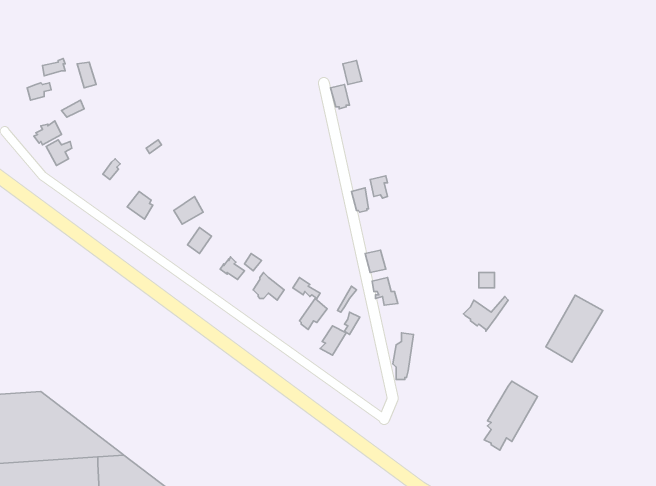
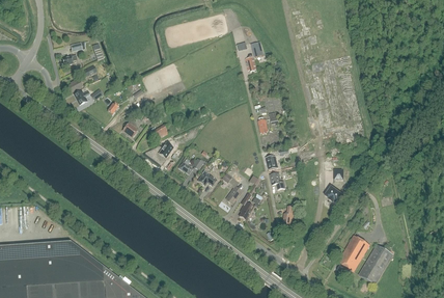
building: [546,295,603,362] -> [358,243,392,283]

